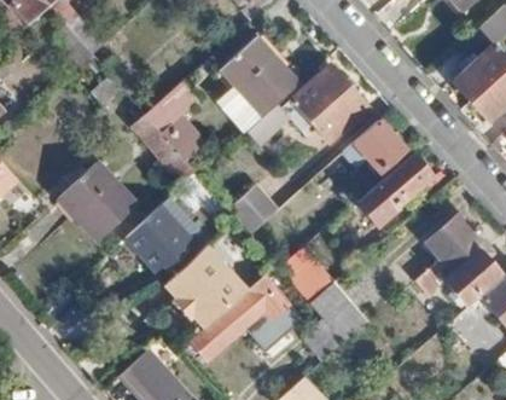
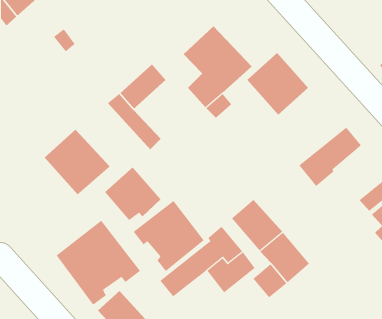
building: [356,121,406,172] -> none
building: [228,185,279,234] -> none
building: none -> [56,220,141,306]

